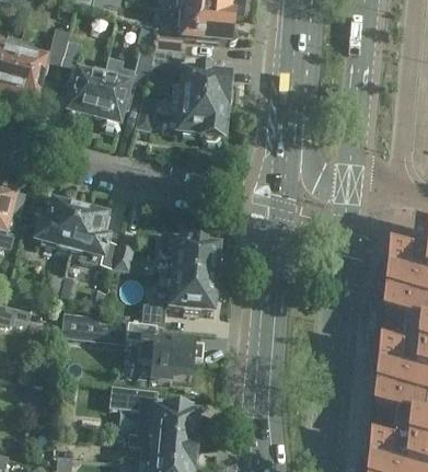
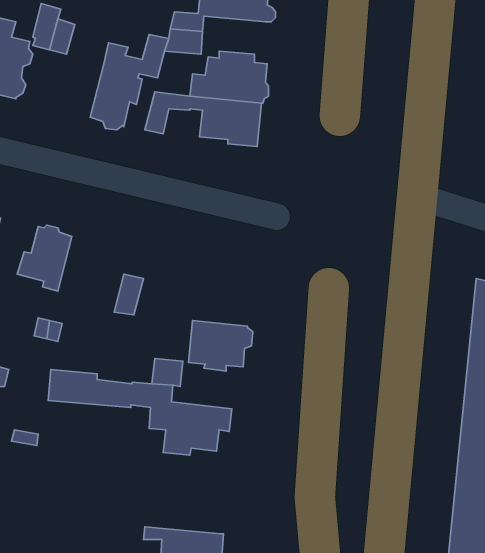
building: [66,68,103,116] -> none
building: [67,207,106,262] -> none
building: [158,232,220,278] -> none
building: [107,385,196,440] -> none

